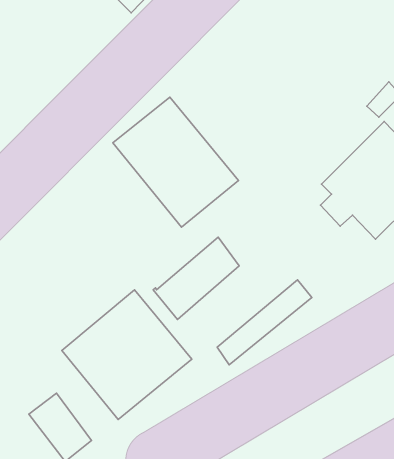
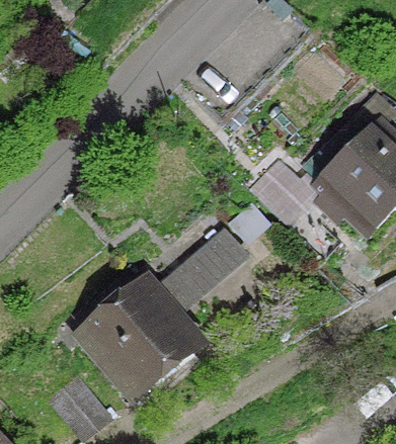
building: [113,97,238,227] -> none

